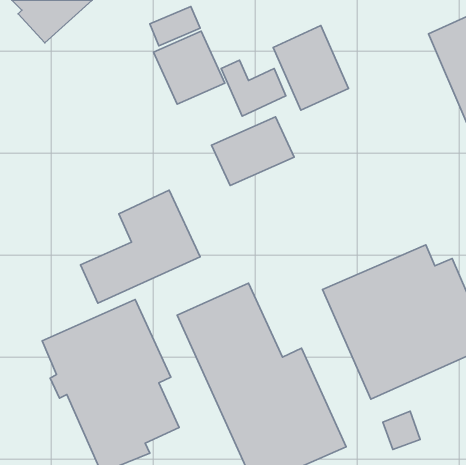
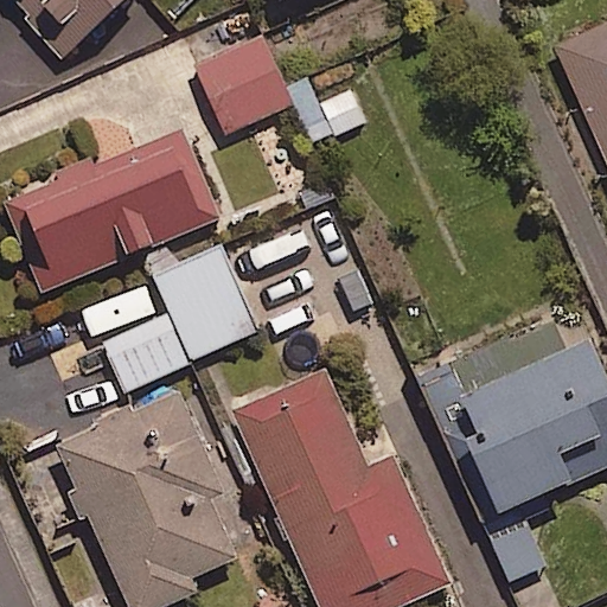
building: [273,26,349,110] -> none
building: none -> [6,129,218,289]
building: [211,117,294,186] -> none

